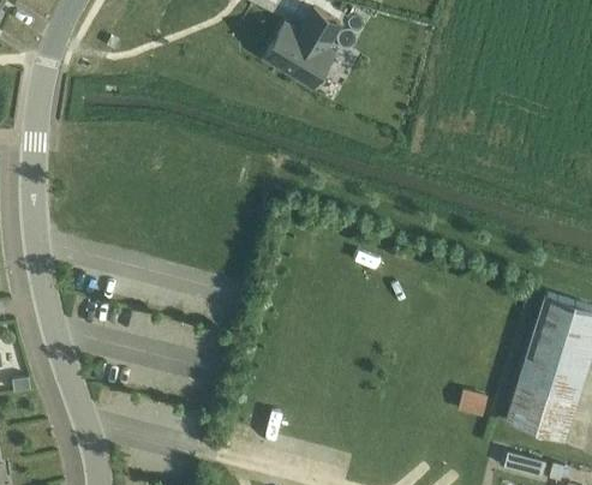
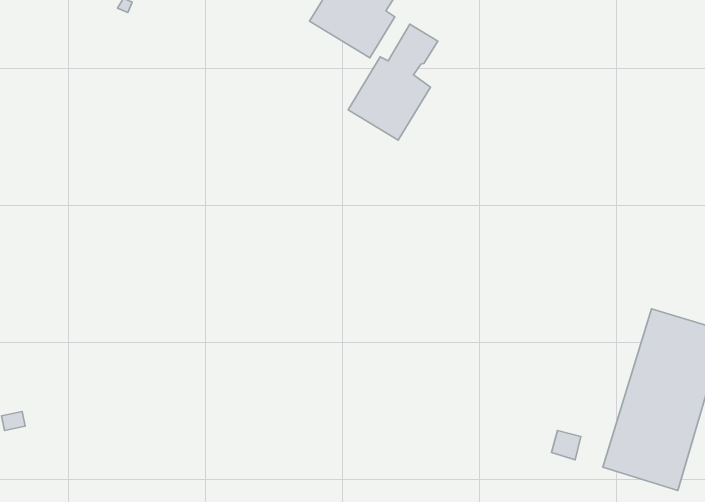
building: none -> [348,24,438,140]

